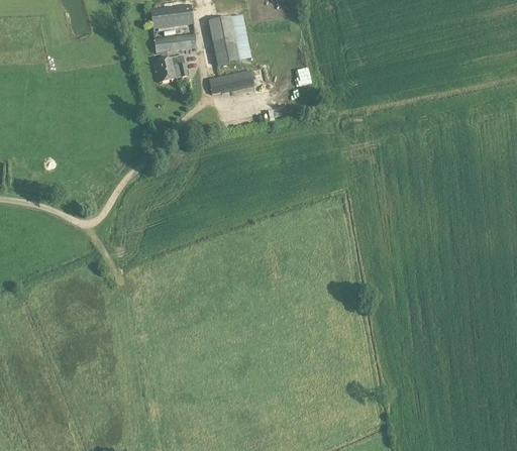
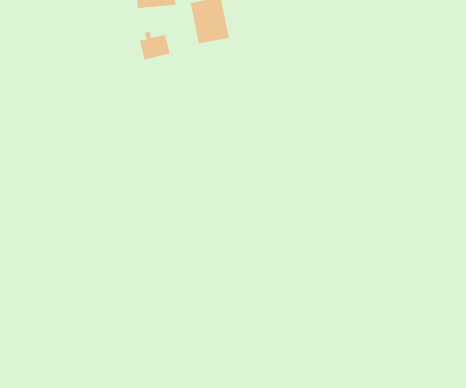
building: [152,33,196,52] -> none
building: [208,70,253,94] -> none

